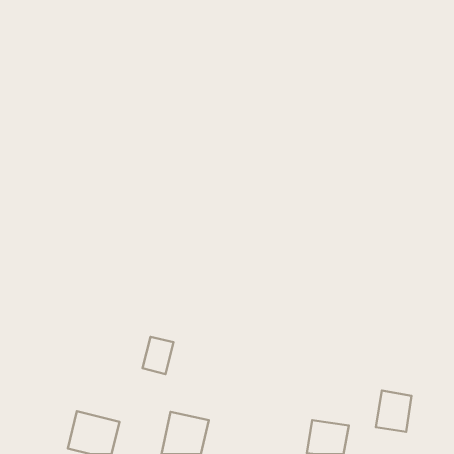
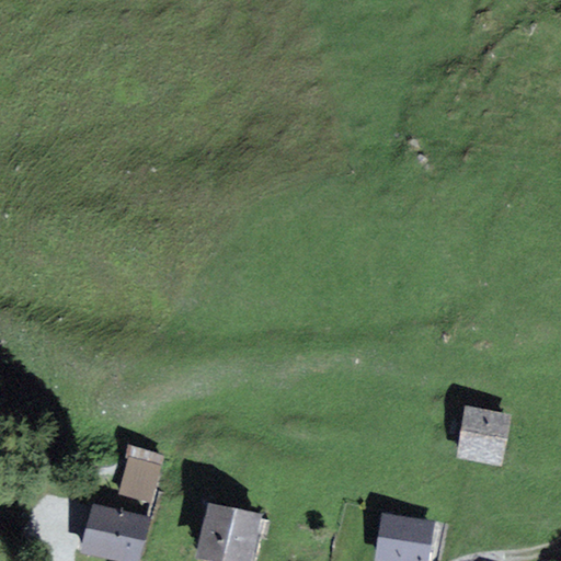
building: [142,337,174,374] -> [119,457,158,503]
building: [376,391,411,432] -> [461,409,505,459]

